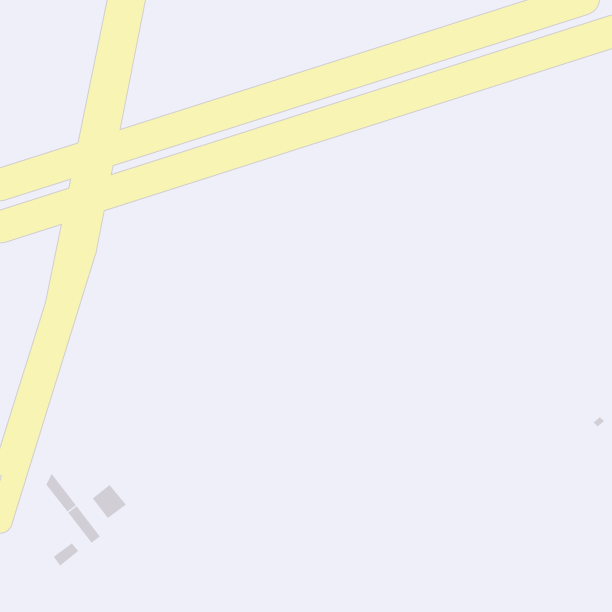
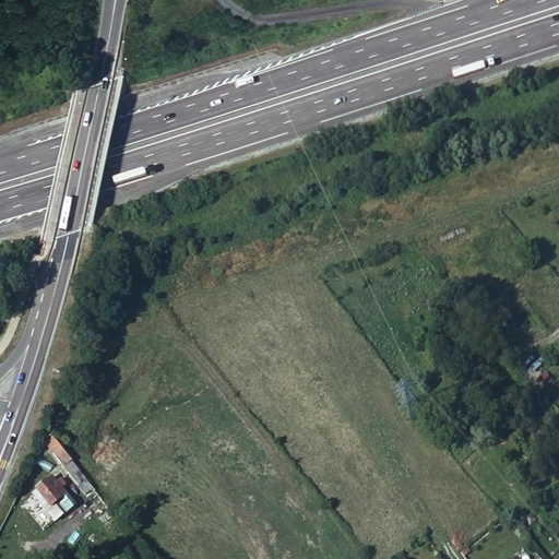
building: [92,484,127,519] -> [35,475,67,507]

